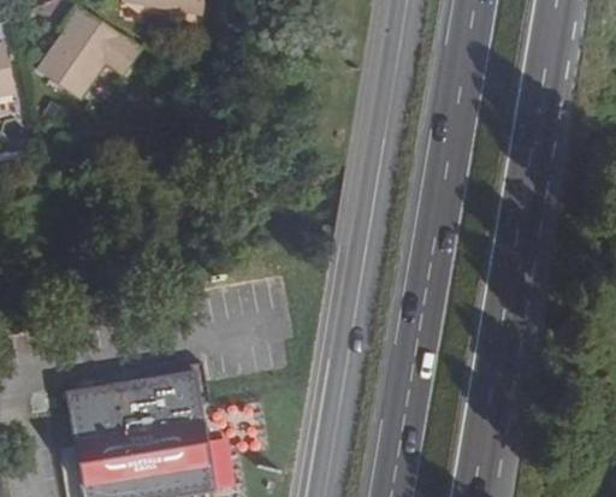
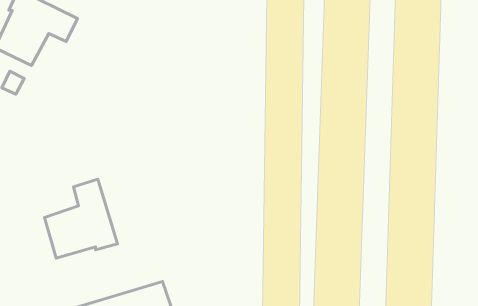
building: none -> [44,179,117,258]

